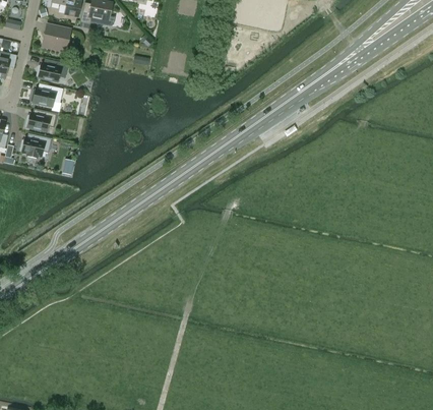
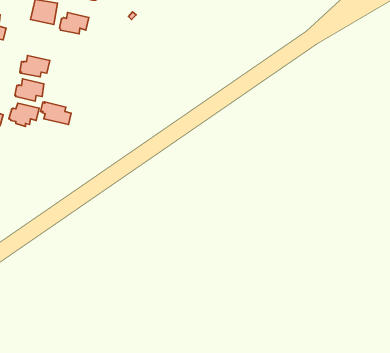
building: [37,59,67,81] -> [60,13,89,34]
building: none -> [40,102,71,124]

